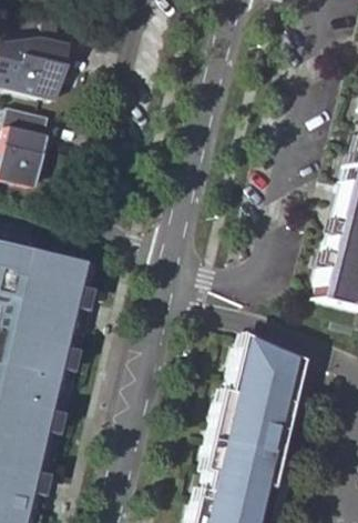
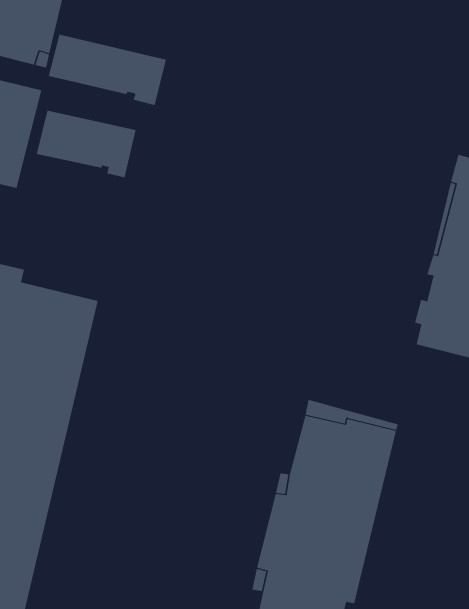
building: none -> [48,34,167,106]
building: none -> [36,110,136,178]

